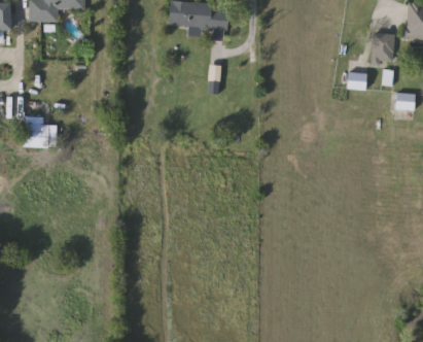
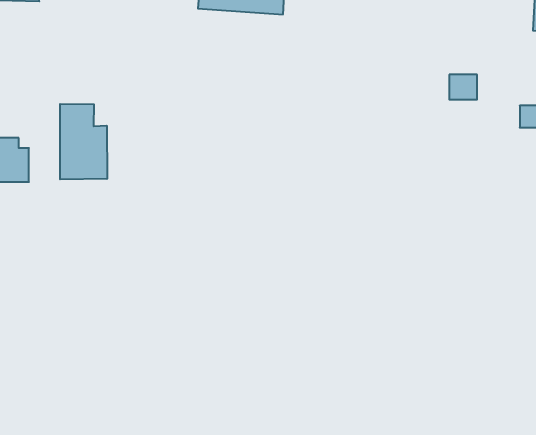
building: [371,33,392,63] -> none
building: none -> [60,104,107,179]

